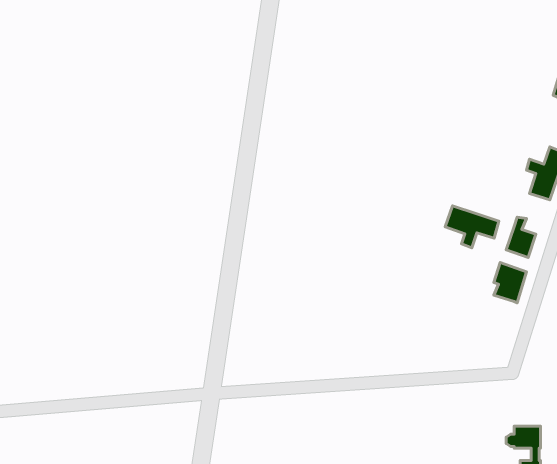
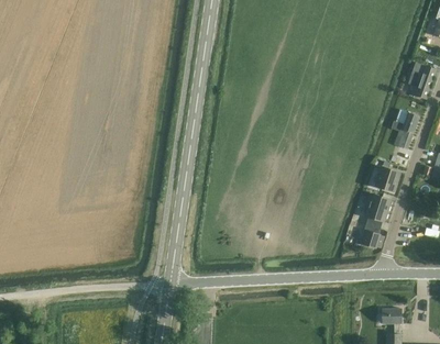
building: [445,206,499,248] -> none
building: none -> [359,215,382,248]

